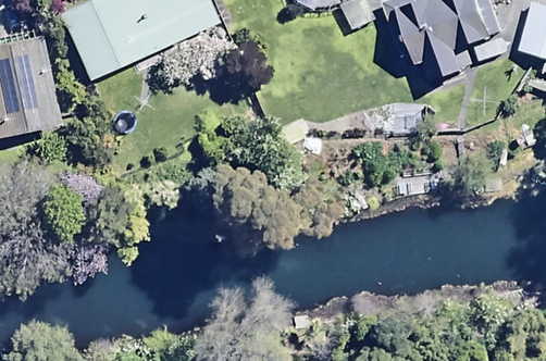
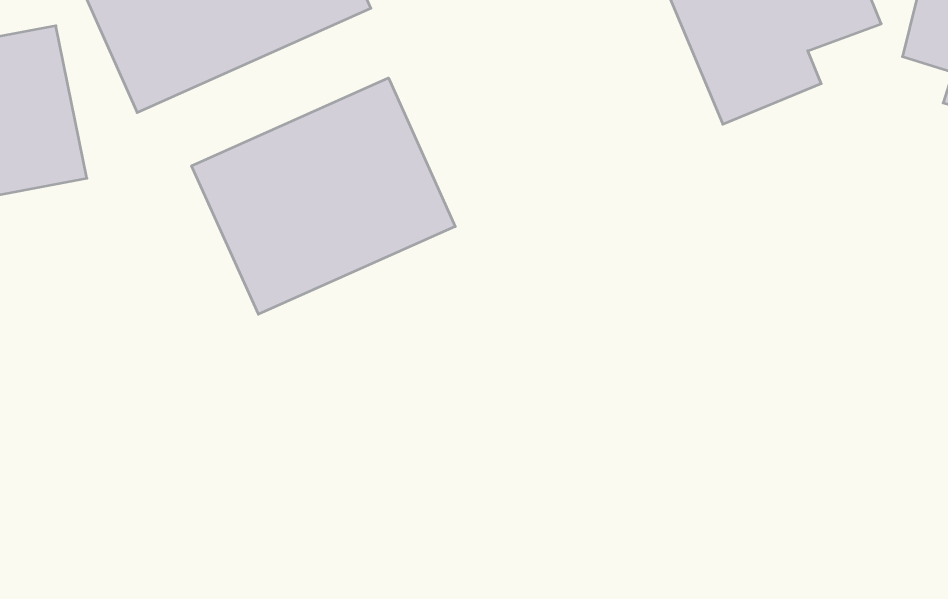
building: none -> [192,78,455,314]

